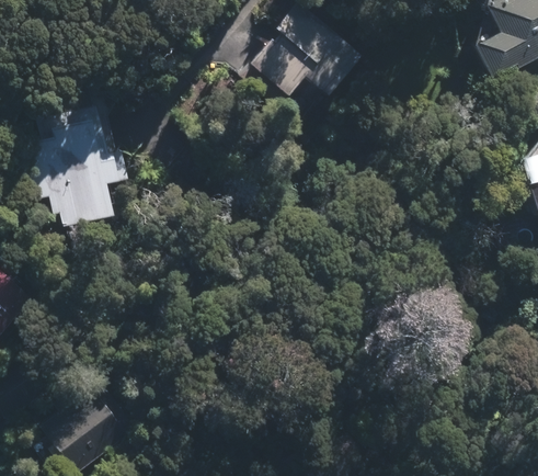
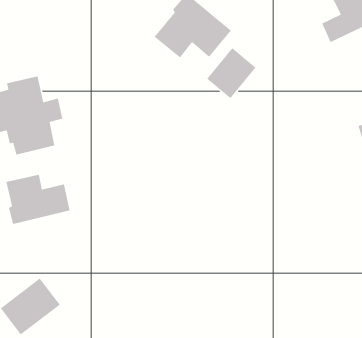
building: none -> [206,47,257,99]
building: none -> [5,174,71,225]

